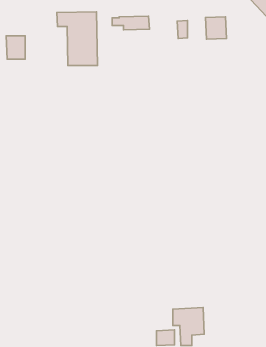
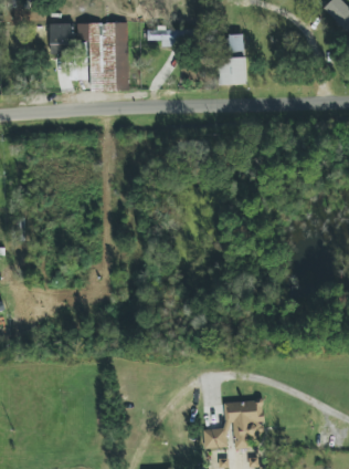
building: [206,17,226,39] -> [219,56,245,85]
building: [6,36,25,59] -> [49,23,73,53]

